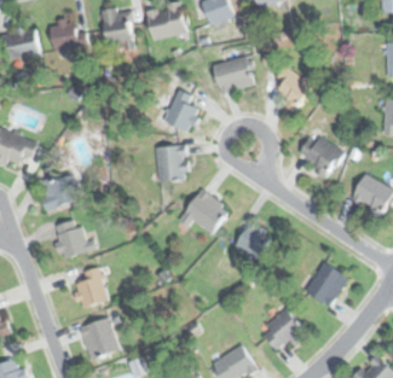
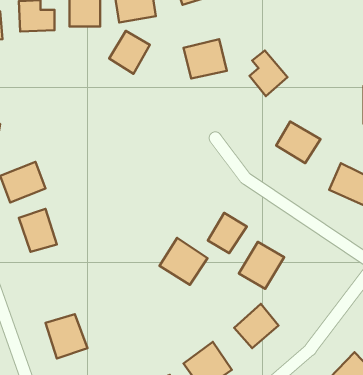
building: [162,91,201,132] -> [109,31,150,74]
building: [158,146,186,181] -> none
building: [183,188,229,233] -> [160,238,208,285]
building: [305,262,348,307] -> [239,242,284,289]
building: [75,267,109,308] -> none

